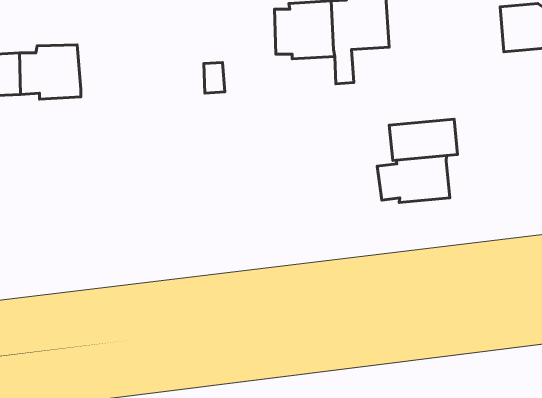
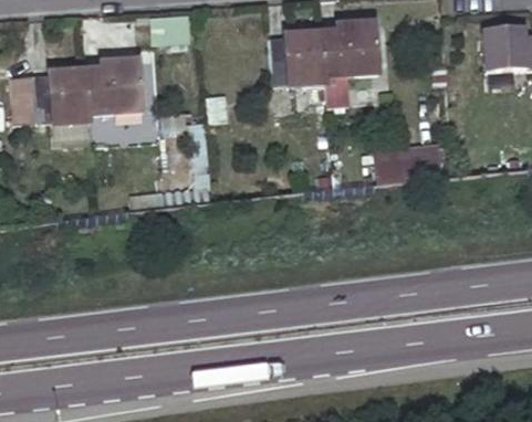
building: none -> [87,59,142,112]
building: [377,156,450,202] -> none

